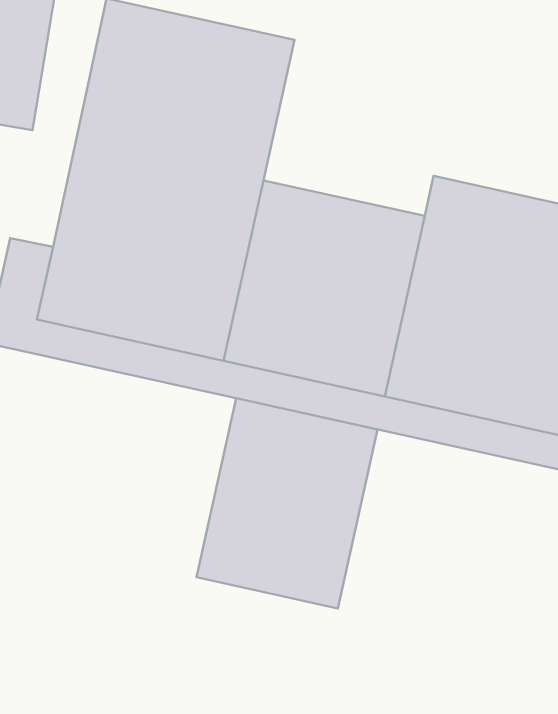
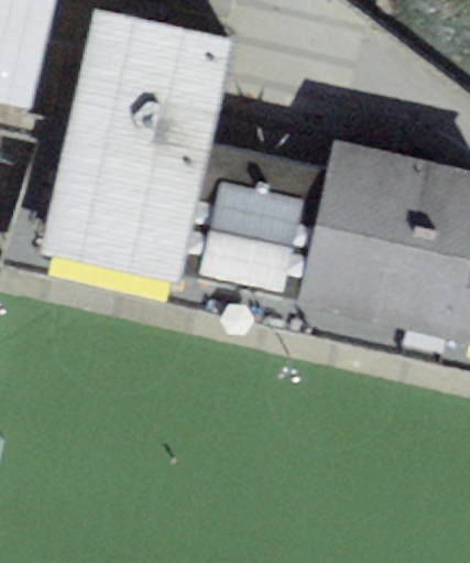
building: [196,398,378,608] -> none

